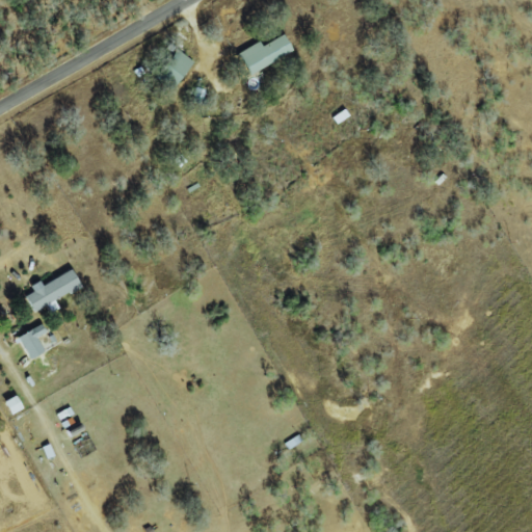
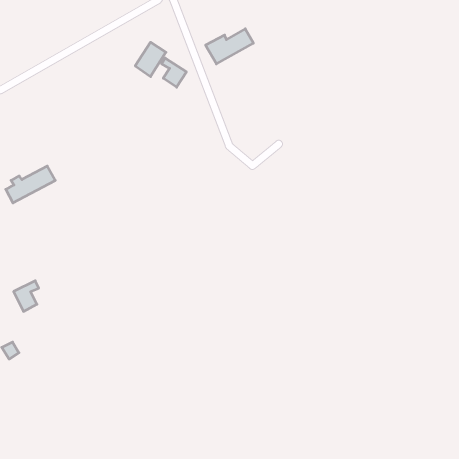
building: none -> [162,58,186,87]
building: [25,269,82,312] -> [6,166,55,203]

